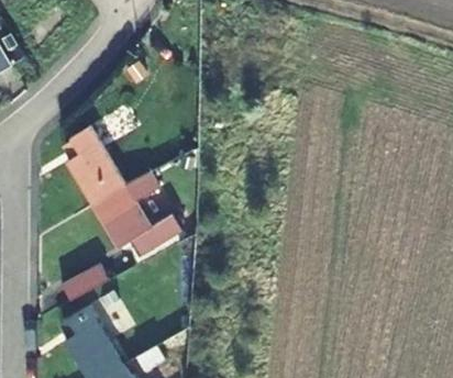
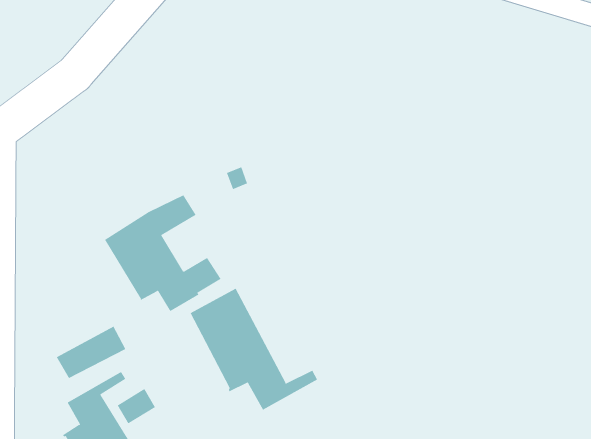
building: [67,126,124,204] -> none
building: none -> [190,288,318,411]

